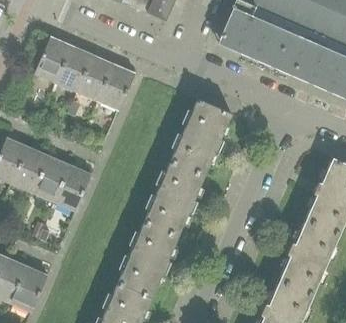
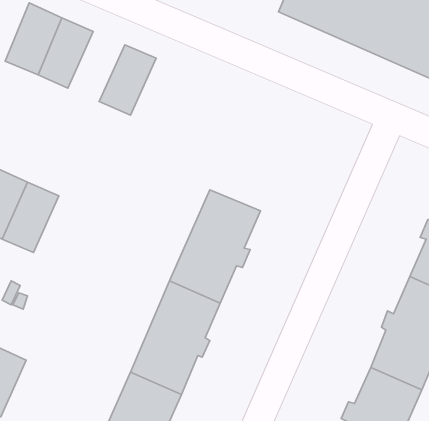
building: [76,54,114,101] -> none
building: [171,98,231,174] -> none
building: [53,164,91,211] -> none

